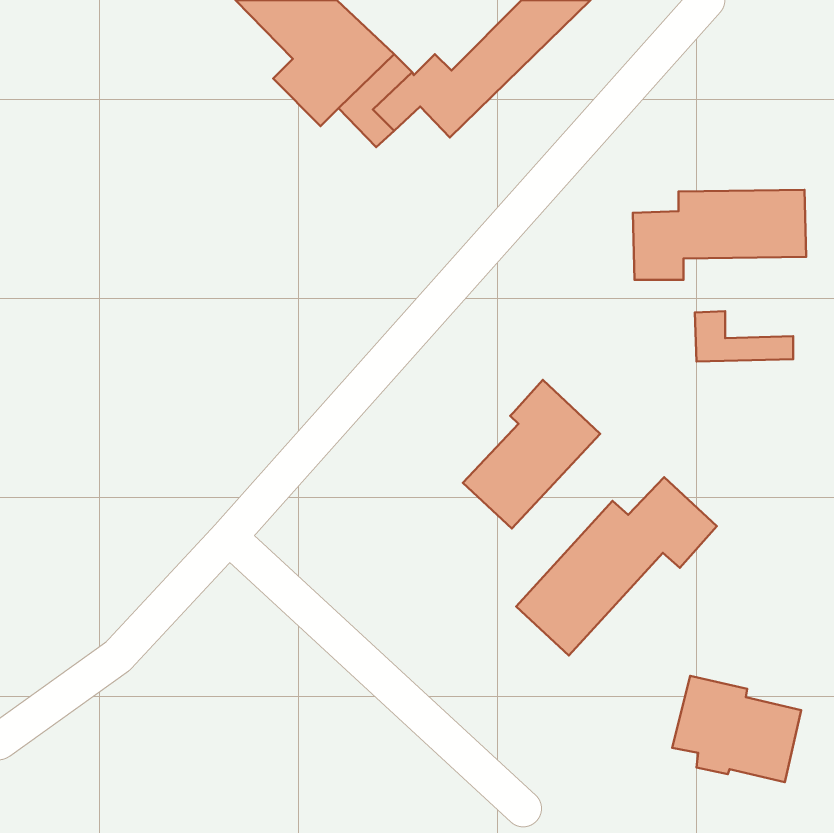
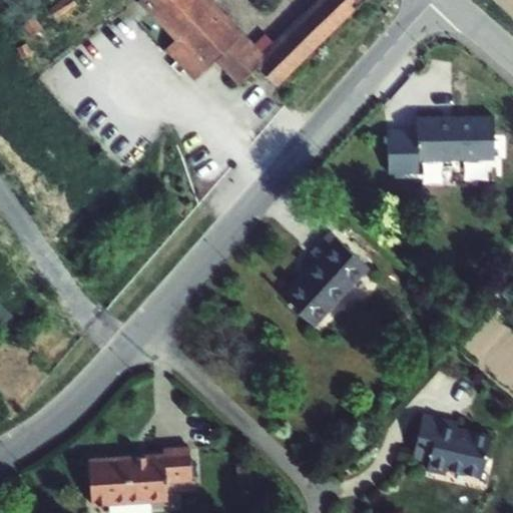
building: [695,311,793,362] -> none
building: [516,477,717,656] -> none
building: none -> [89,448,192,504]

